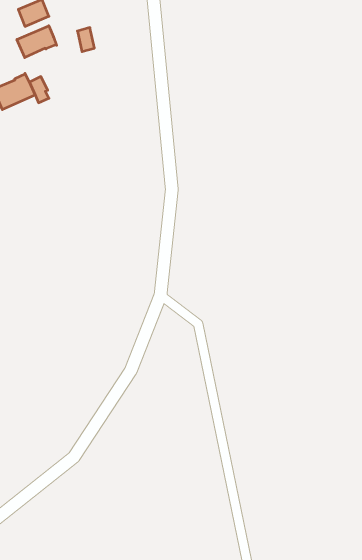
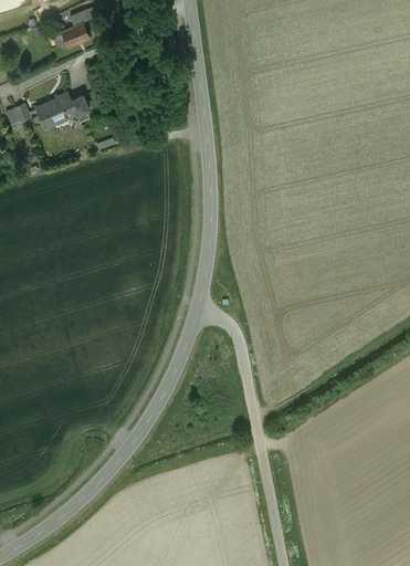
building: [17,26,57,58] -> none

